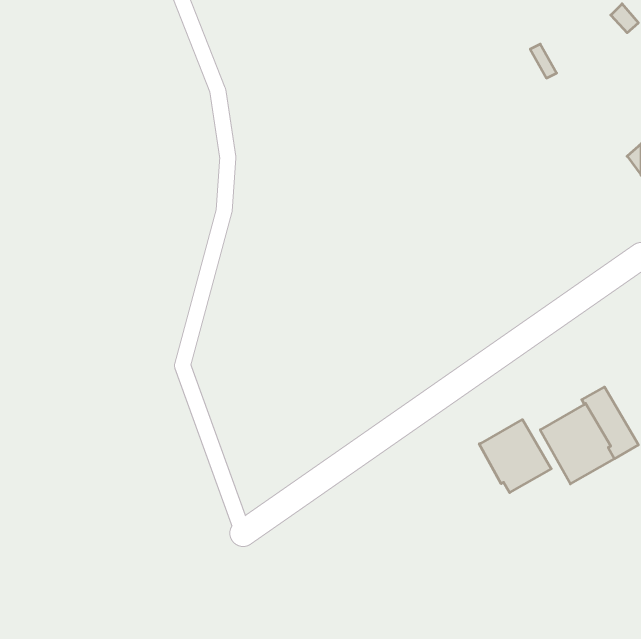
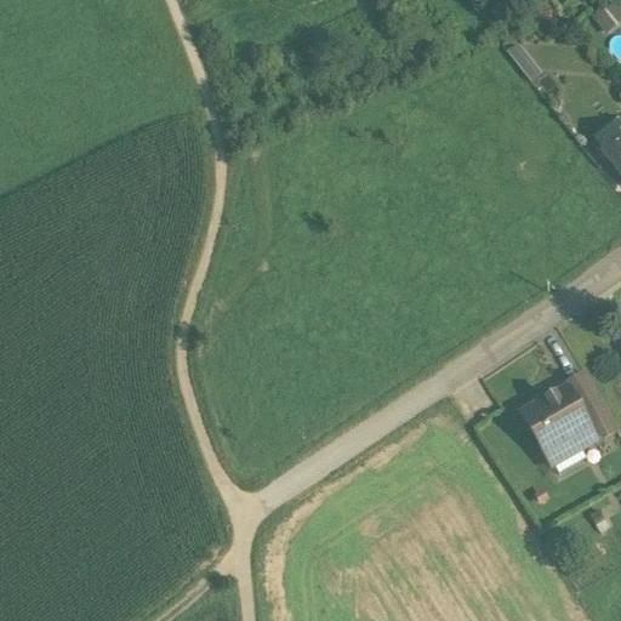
building: [479,420,551,493] -> none

